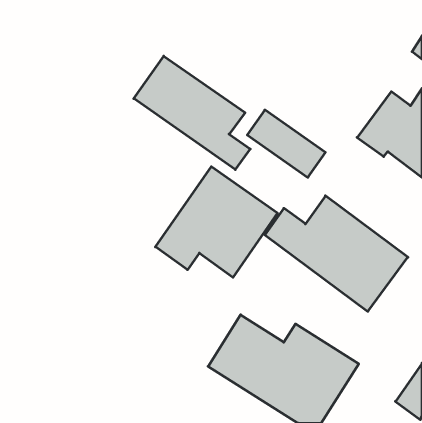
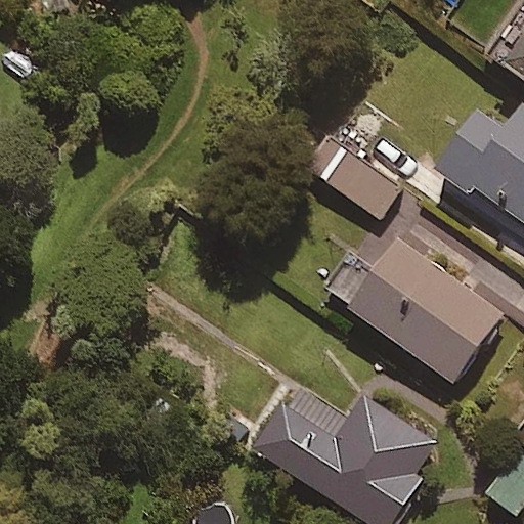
building: [134,56,250,170] -> none
building: [155,167,277,277] -> none

